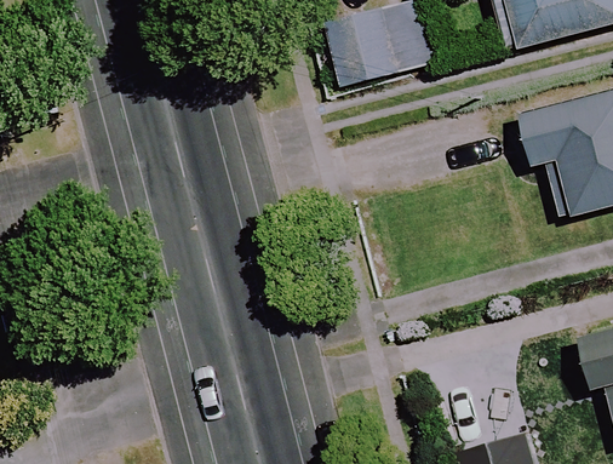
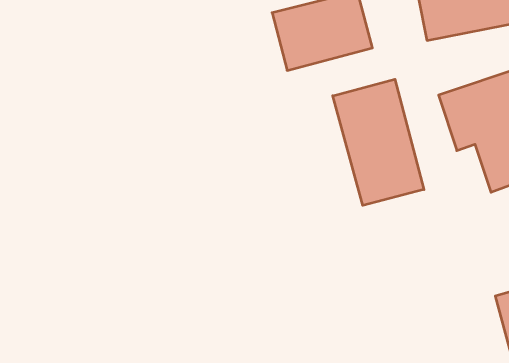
building: none -> [333,79,424,205]

